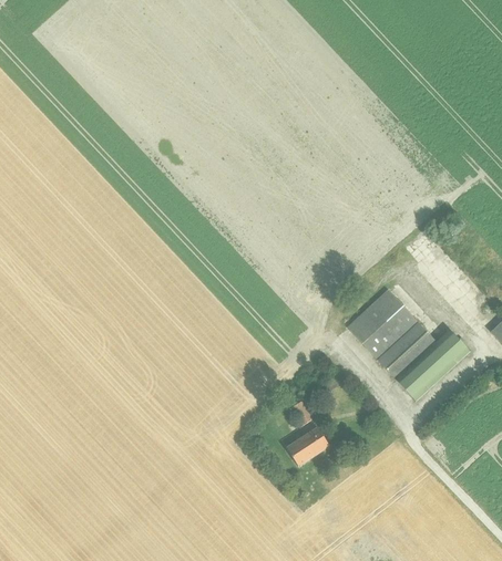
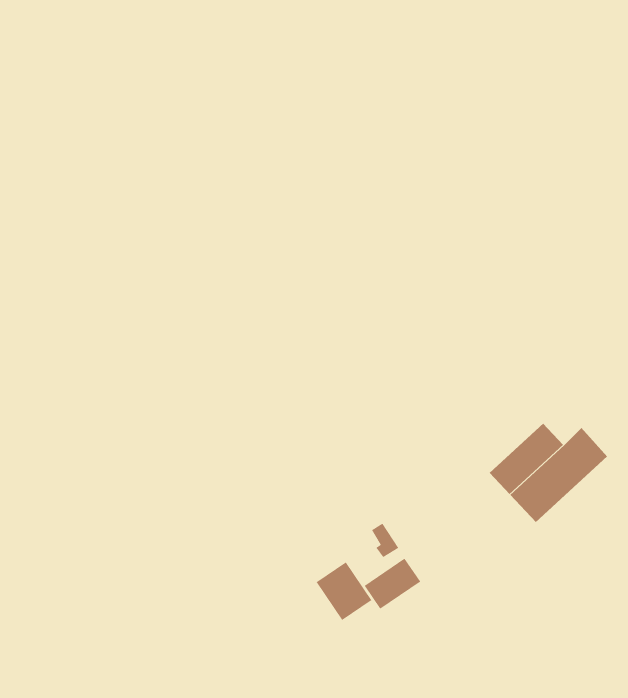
building: [348,288,422,362] -> none
building: none -> [316,562,372,621]

